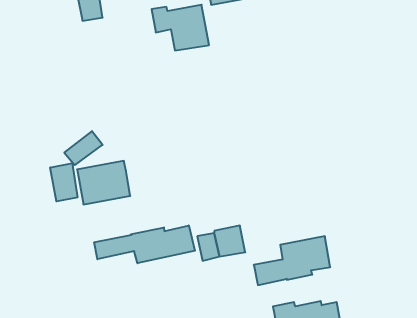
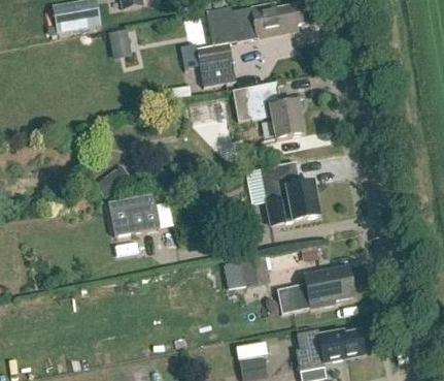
building: none -> [233,84,304,139]
building: none -> [262,162,321,225]
building: [50,163,77,201] -> none
building: [94,225,195,263] -> none

